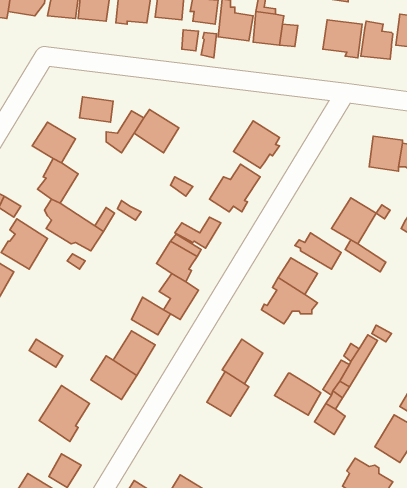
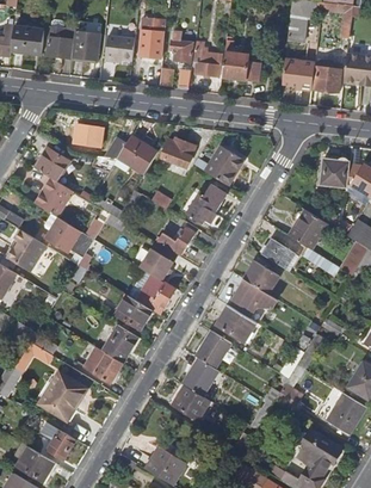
building: none -> [161,137,196,167]
building: [275,373,321,415] -> [216,305,255,341]
building: none -> [168,382,209,418]

